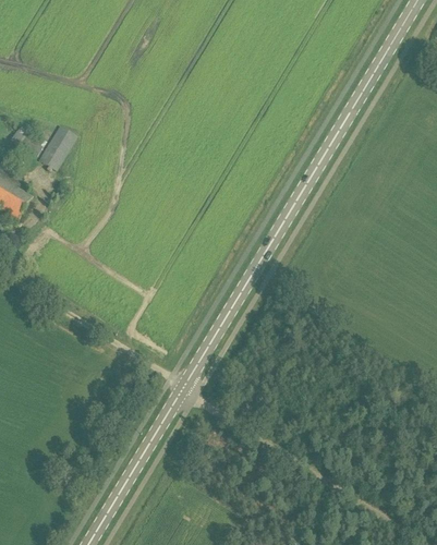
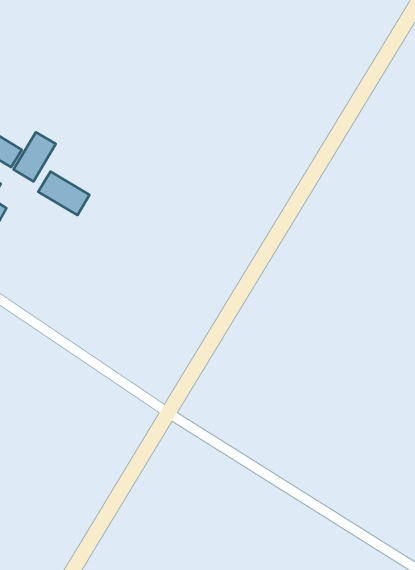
building: none -> [38,171,90,215]

